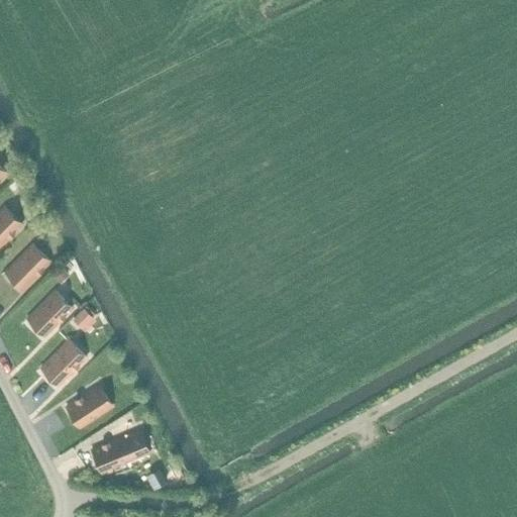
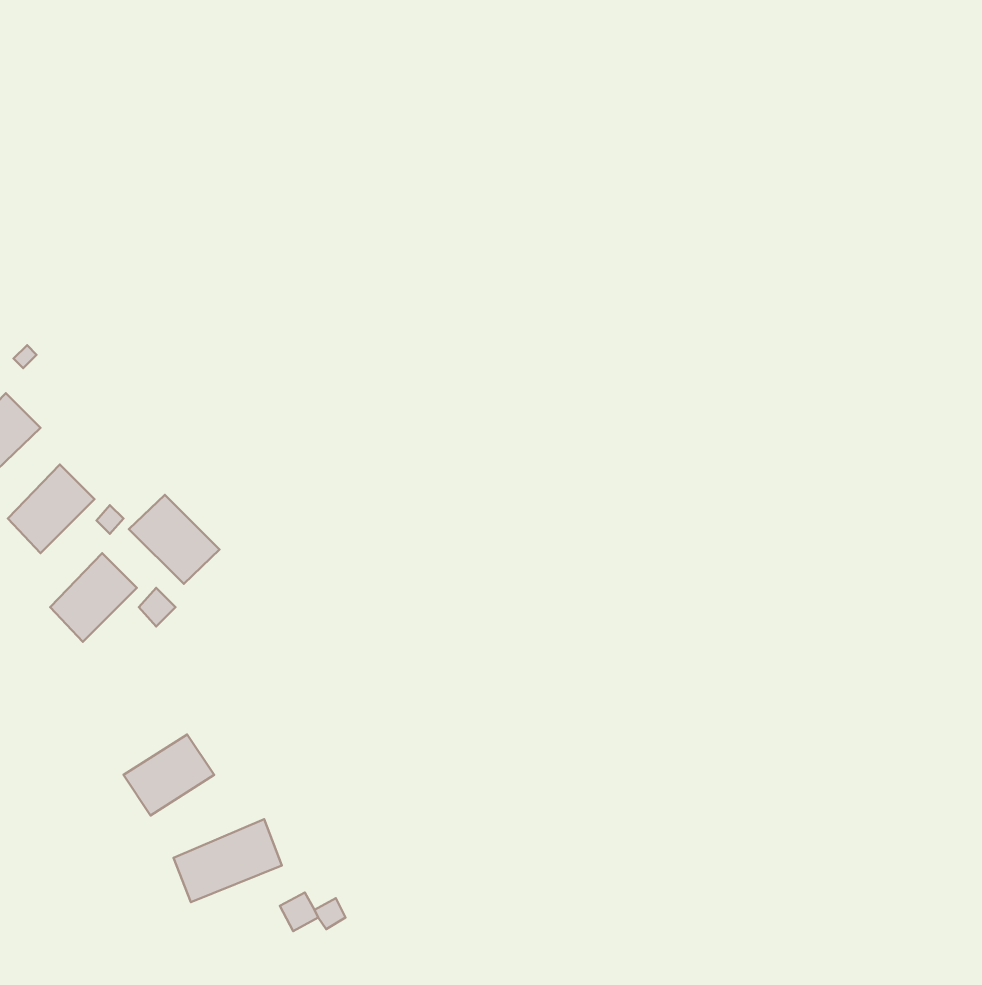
building: none -> [129,495,220,584]
building: [39,339,86,386] -> none

